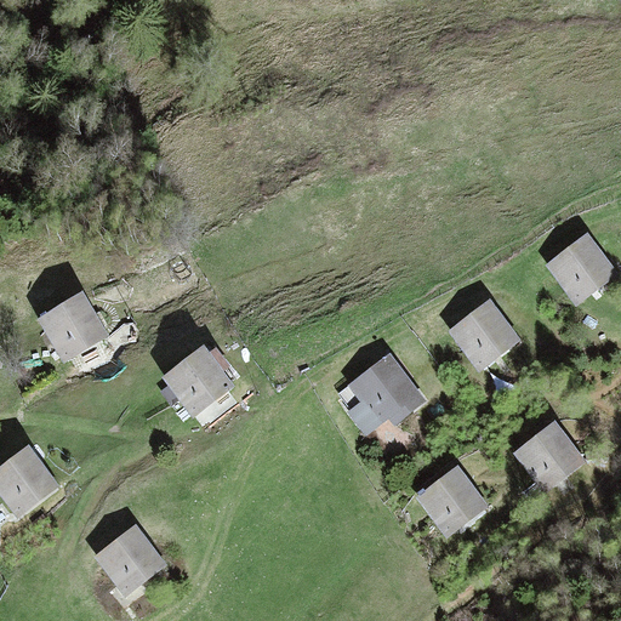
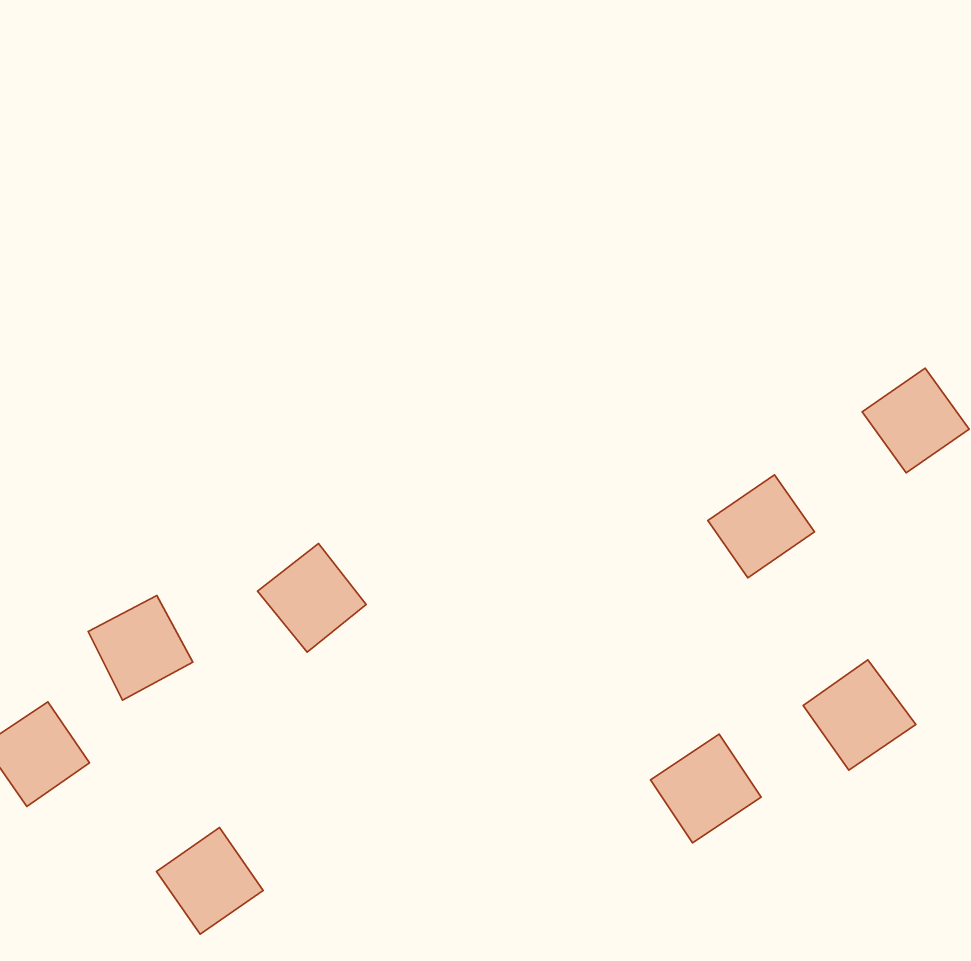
building: [39,294,106,360] -> [88,595,193,700]
building: [348,353,423,428] -> none

